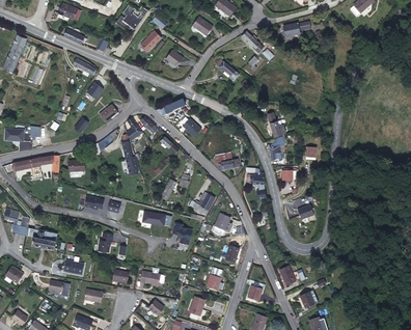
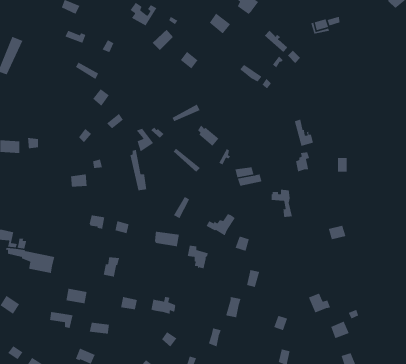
building: [12,155,57,172] -> none

